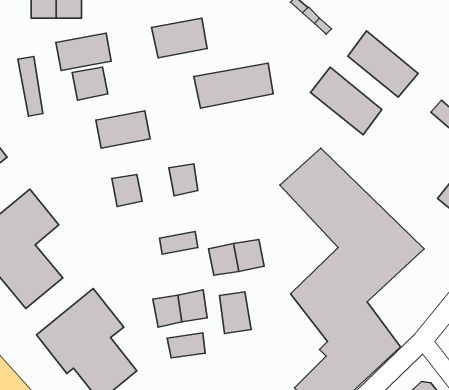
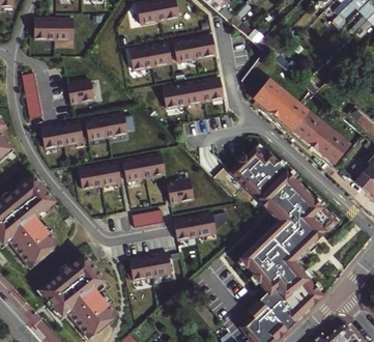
building: none -> [173,31,214,62]
building: [348,31,418,97] -> [294,111,349,163]
building: [56,33,111,70] -> [40,120,84,149]
building: none -> [122,156,146,181]
building: none -> [78,165,102,190]
building: none -> [167,178,194,202]
building: [220,292,251,334] -> none
building: [167,333,205,358] -> none

